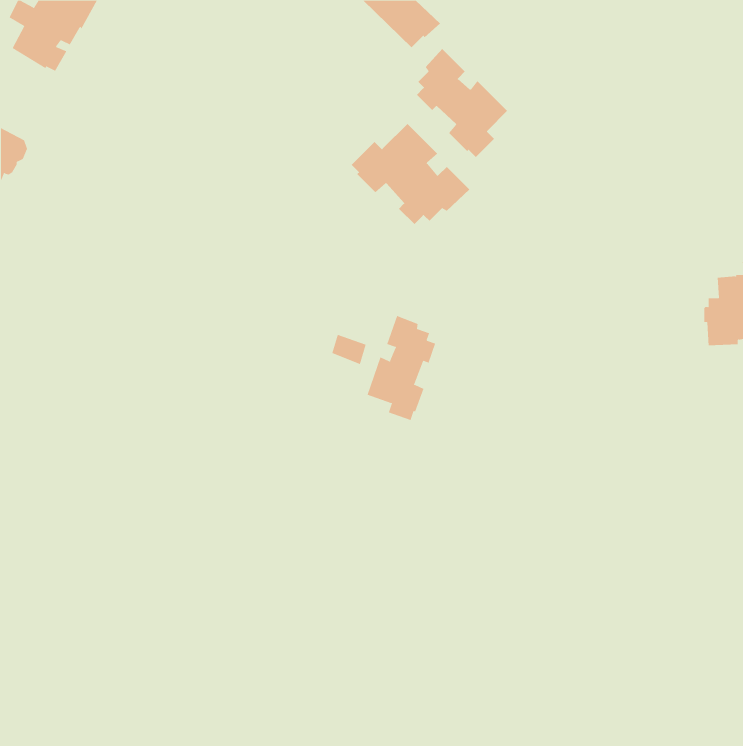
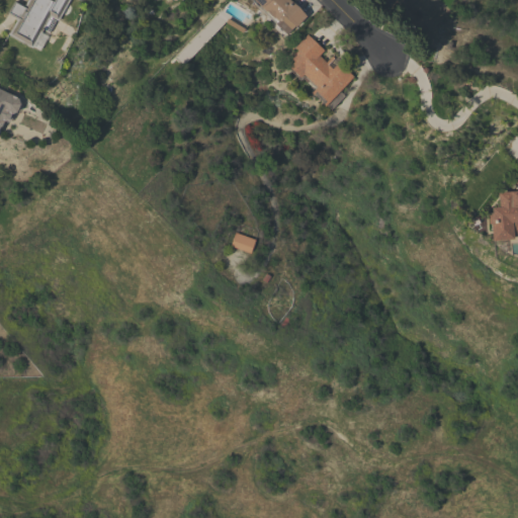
building: [351,123,470,225] -> none
building: [367,315,436,421] -> none

